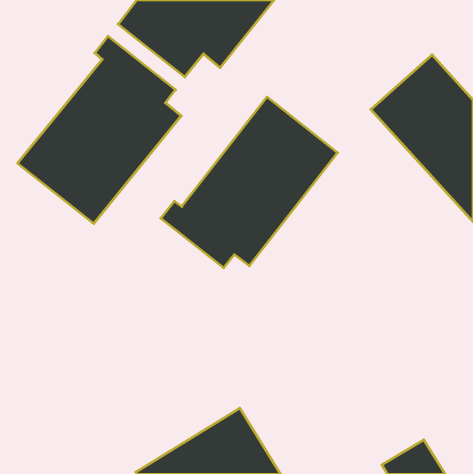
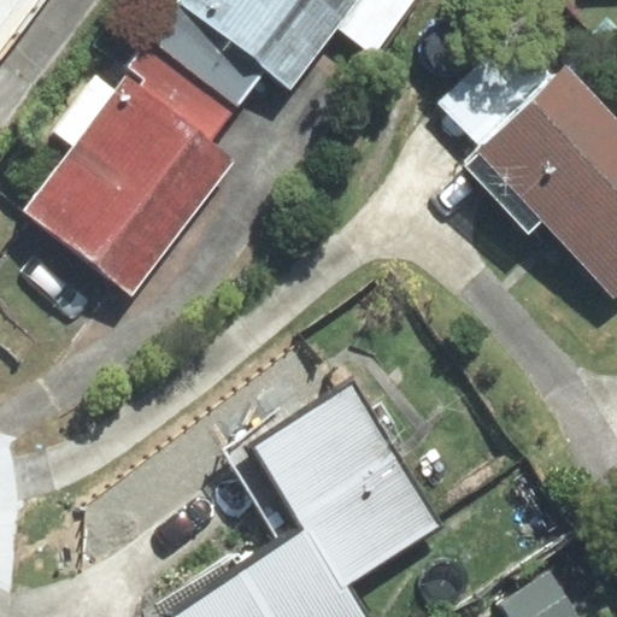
building: [161,97,338,268] -> none
building: none -> [266,383,449,584]

